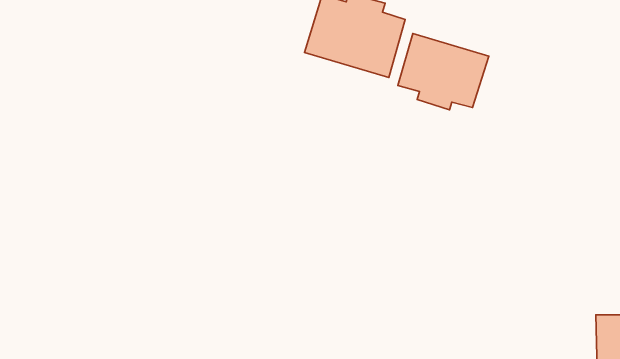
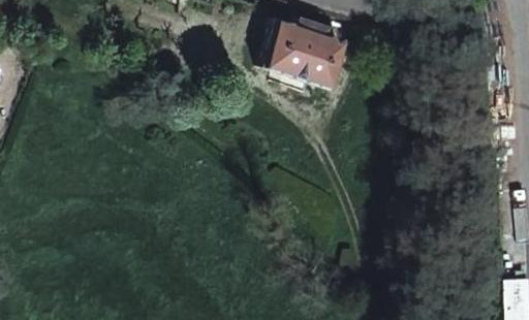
building: [398,33,489,110] -> none

